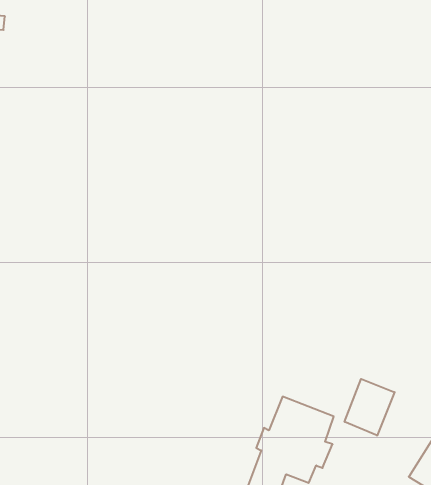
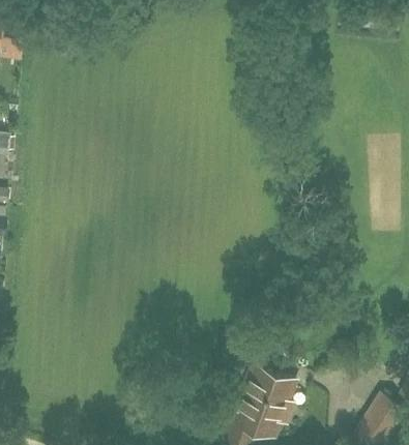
building: [345,379,395,436] -> none

